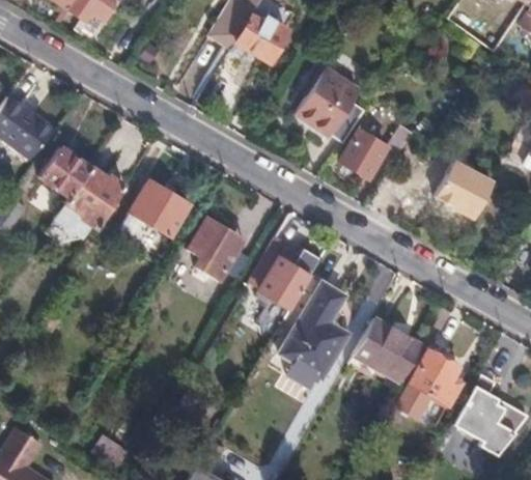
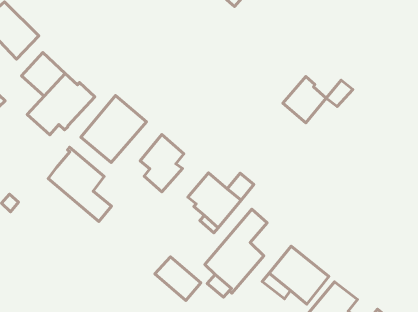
building: [297,68,365,141] -> none
building: [436,157,491,213] -> none
building: none -> [48,147,111,222]
building: none -> [155,257,201,301]

